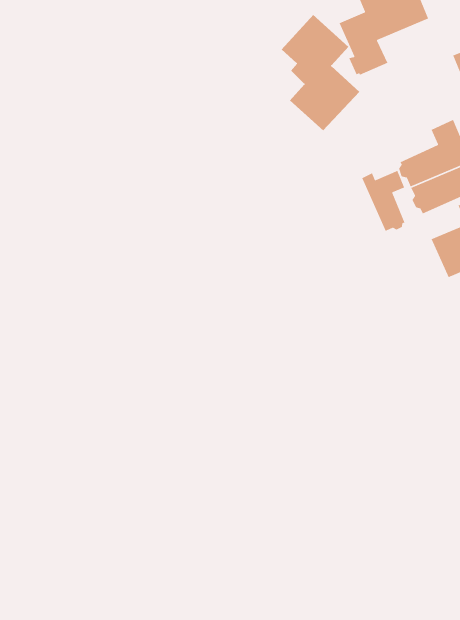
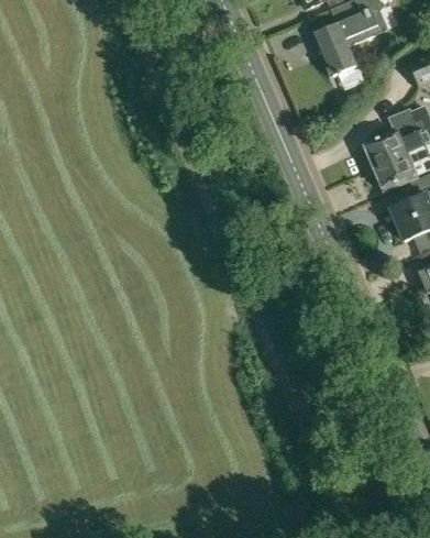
building: [281,14,360,131] -> none
building: [361,170,405,232] -> none

